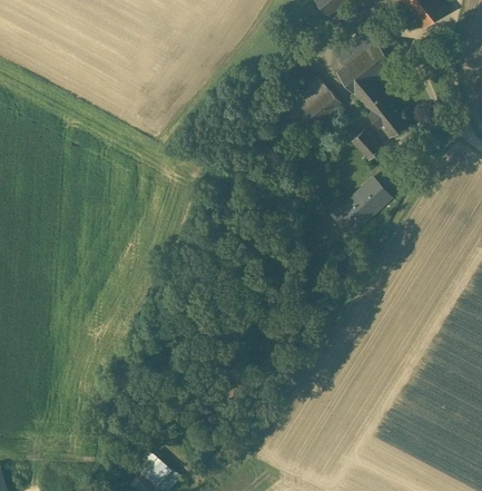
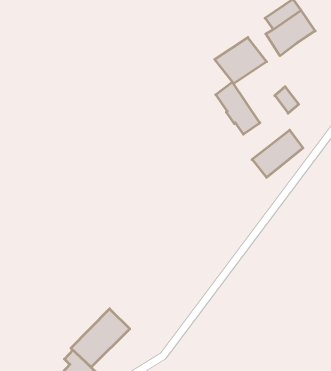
building: [354,80,406,138] -> [216,82,260,134]
building: none -> [71,309,130,367]

